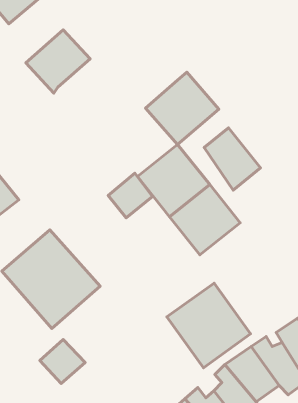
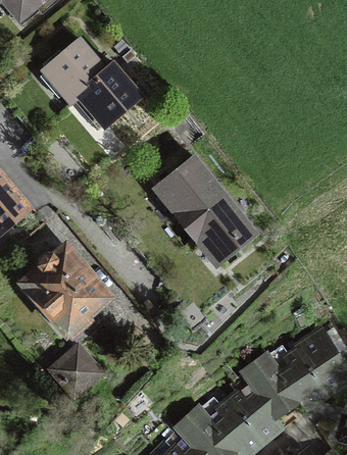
building: [145,72,219,144] -> [70,56,145,130]
building: [204,128,260,190] -> none
building: [108,173,153,218] -> none
building: [167,283,251,368] -> none

